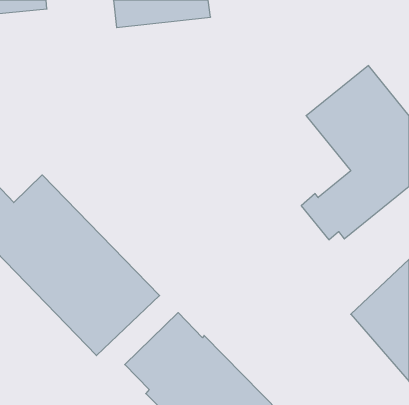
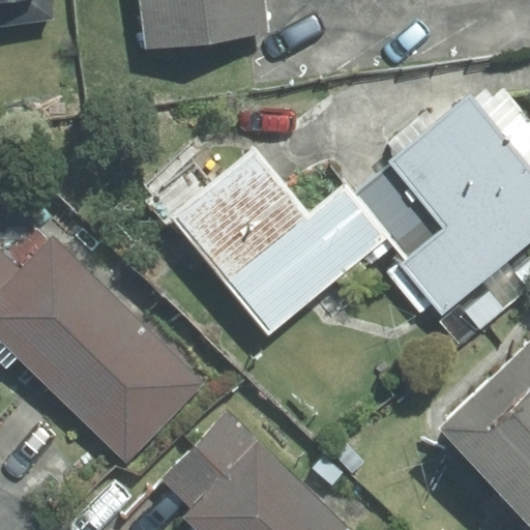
building: none -> [175,141,393,330]

